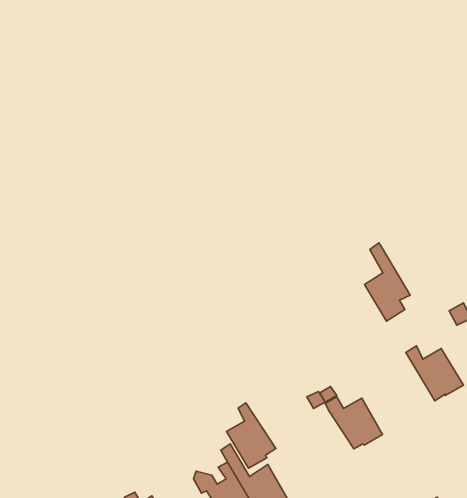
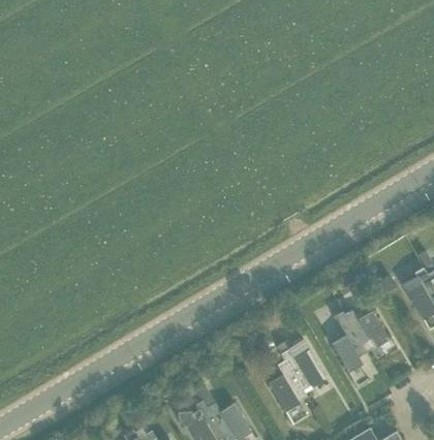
building: [364,243,410,321] -> [331,311,367,373]
building: [226,403,276,468] -> [268,360,307,412]

